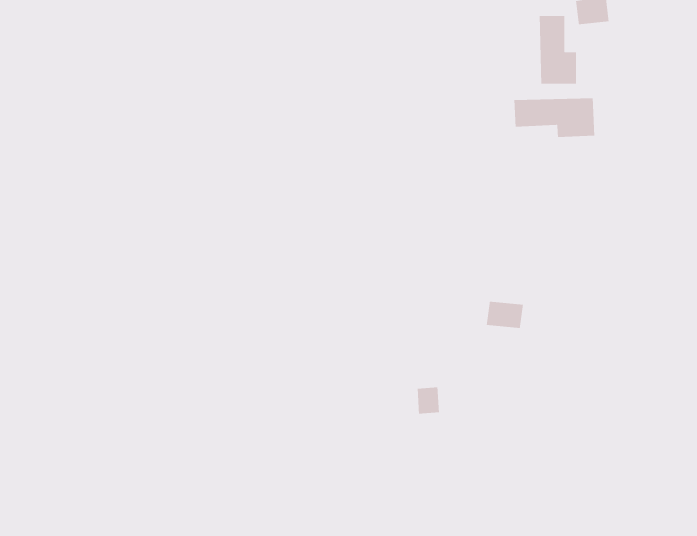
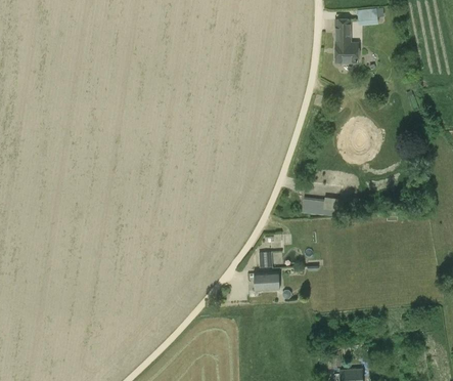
building: [513,97,595,138] -> none
building: none -> [255,271,280,292]

